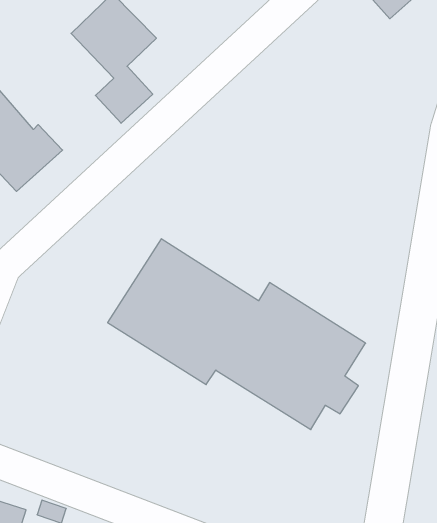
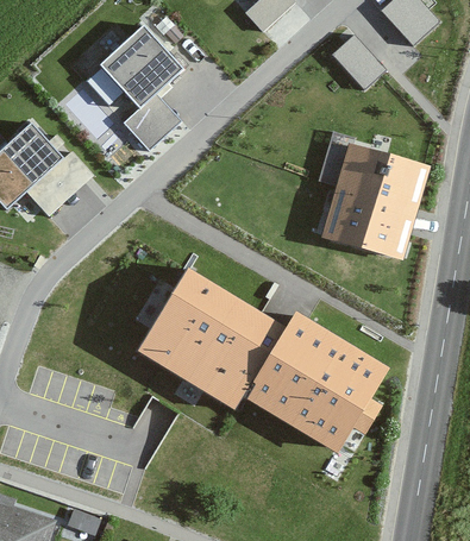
building: none -> [330,37,382,90]
building: none -> [309,150,415,265]

